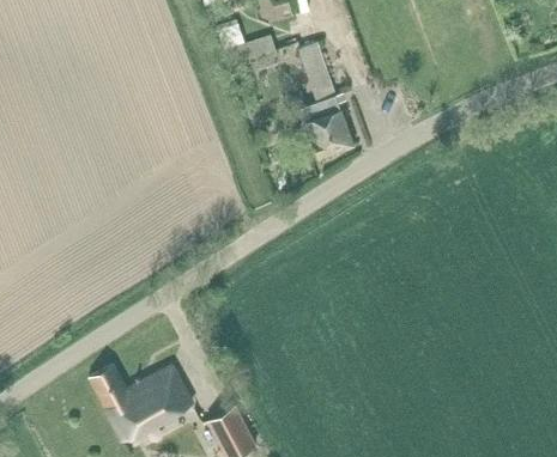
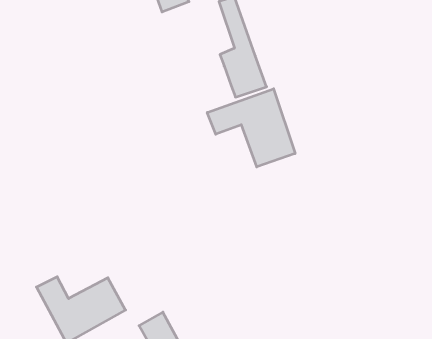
building: none -> [207,89,295,167]

